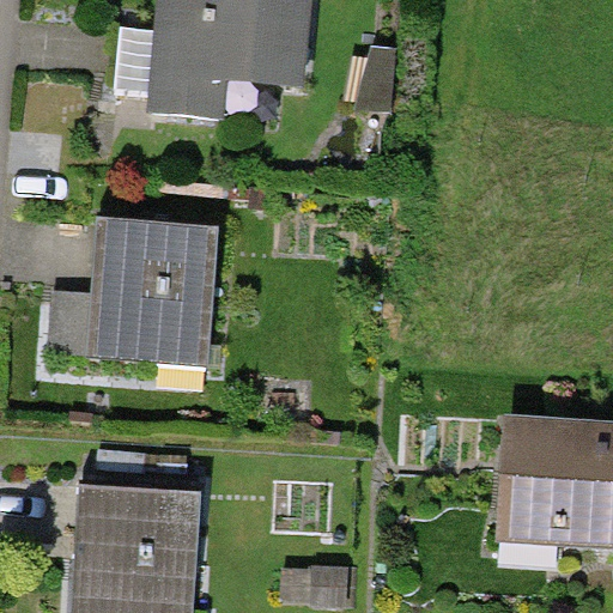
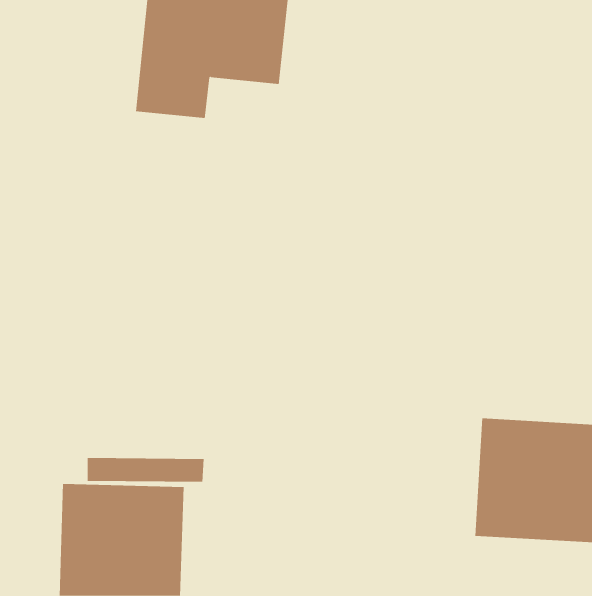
building: [61,220,226,362] -> none

